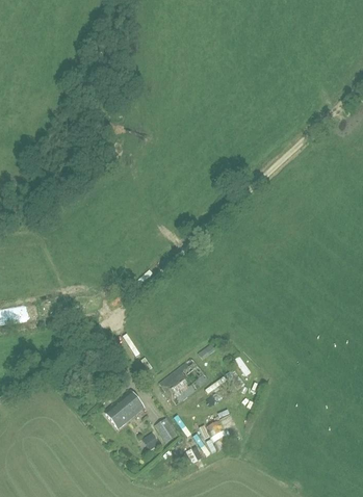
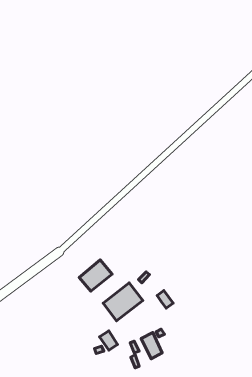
building: [102,389,142,427] -> [79,260,112,291]

